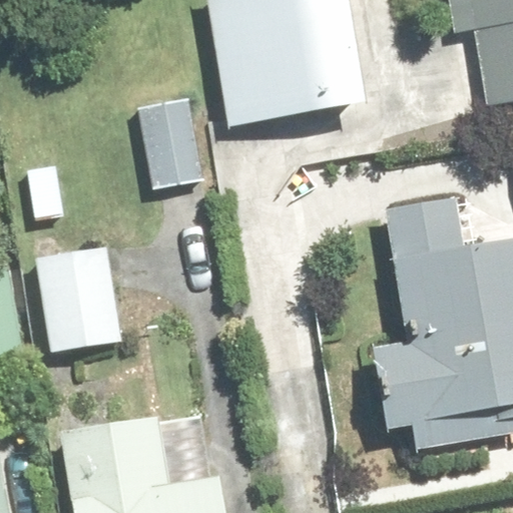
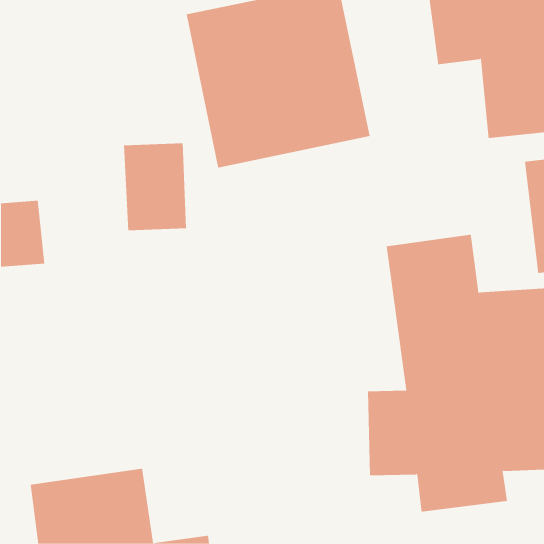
building: [20,265,115,373] -> none

